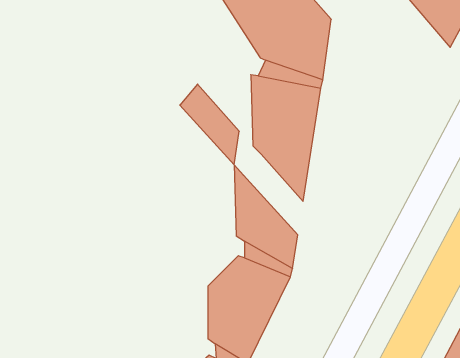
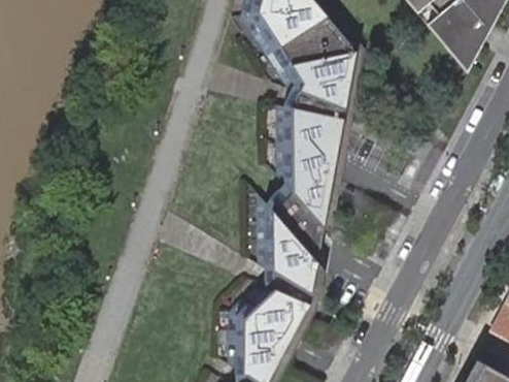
building: [180,84,239,165] -> [267,180,326,259]

